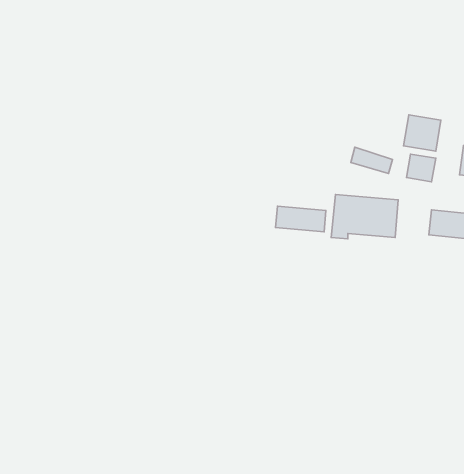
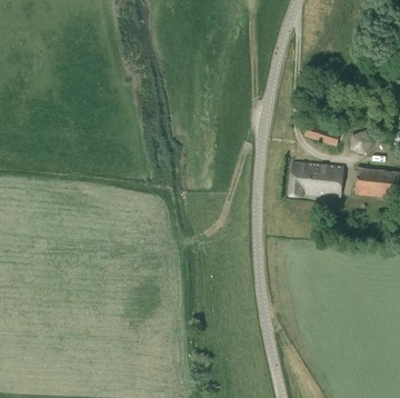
building: [404,115,441,151] -> none
building: [276,206,326,232] -> none

